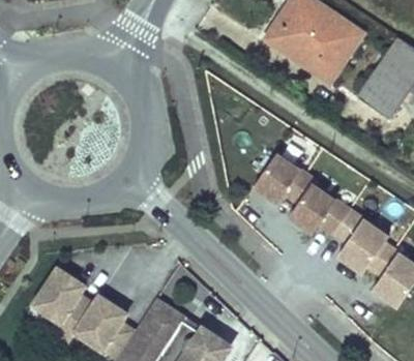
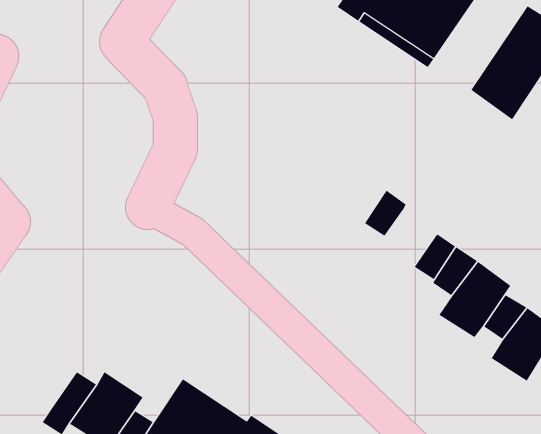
building: [255,152,300,201] -> none
building: [290,182,336,232] -> none
building: [34,269,86,324] -> none

